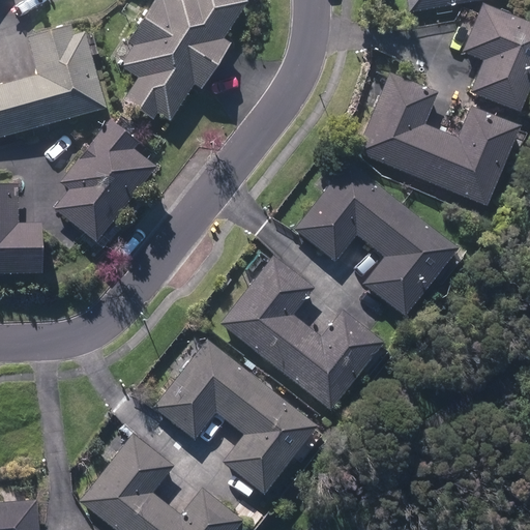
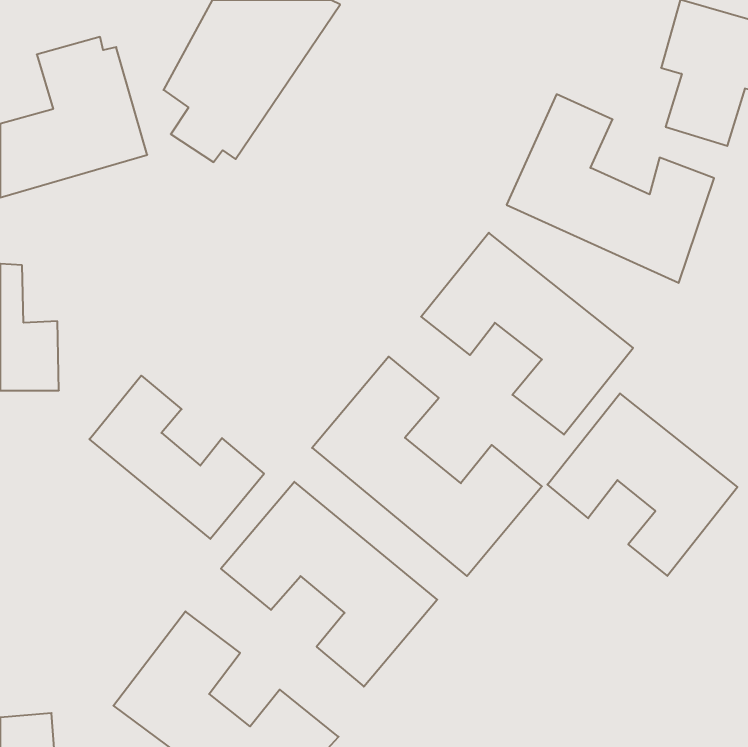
building: [55,123,155,237] -> none
building: none -> [89,376,264,539]
building: none -> [547,393,737,576]

